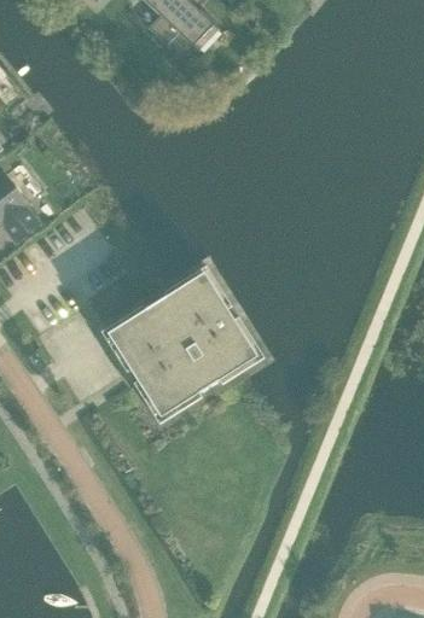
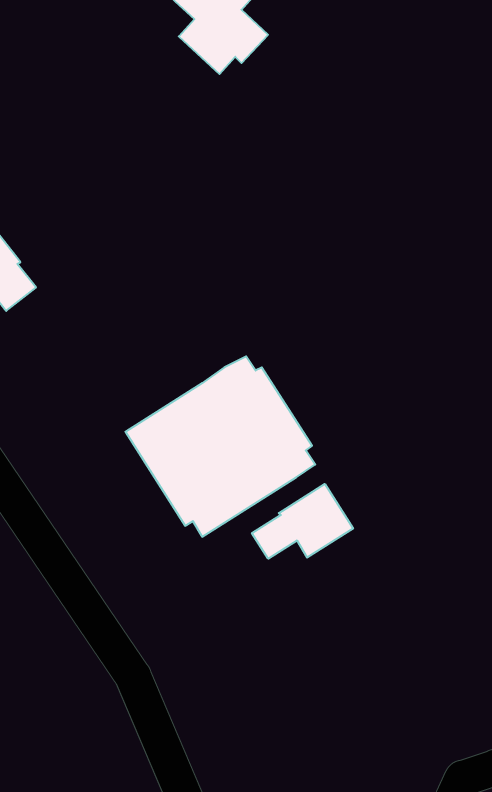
building: none -> [252,484,353,559]

